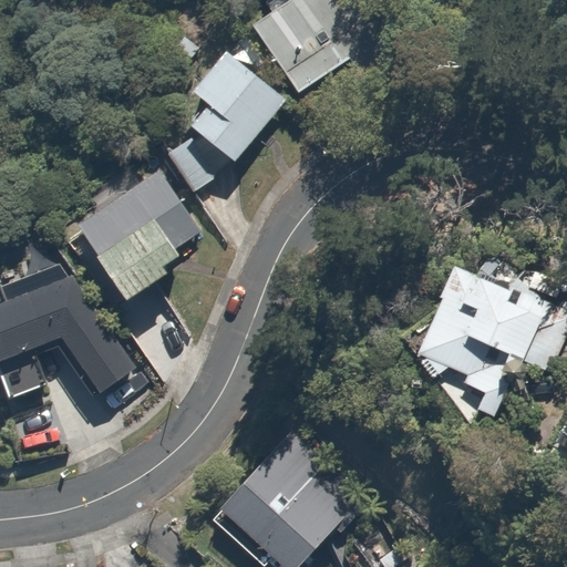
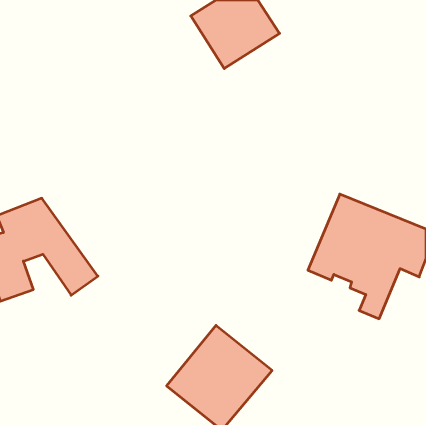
building: [165,45,286,195] -> none
building: [75,174,199,298] -> none

